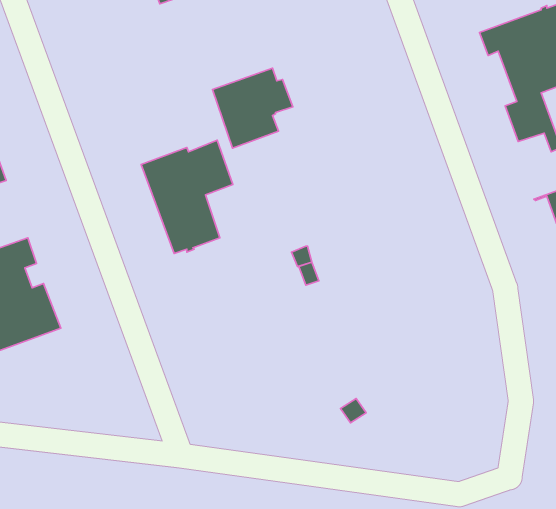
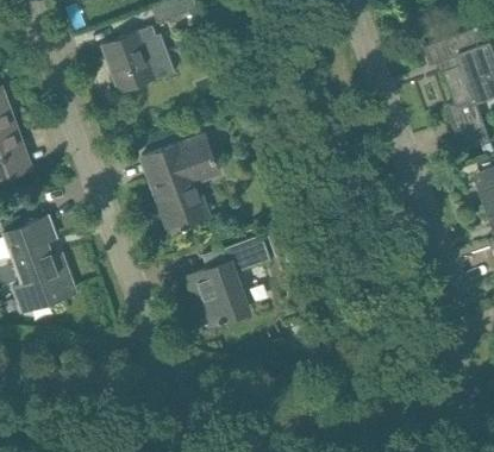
building: [212,68,293,148] -> [101,27,168,94]
building: none -> [193,236,270,325]

